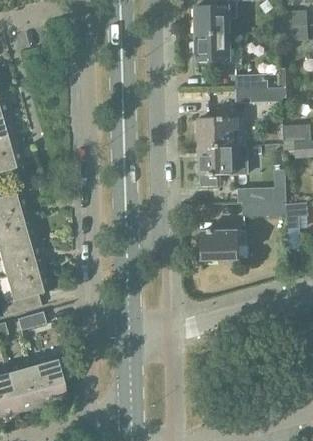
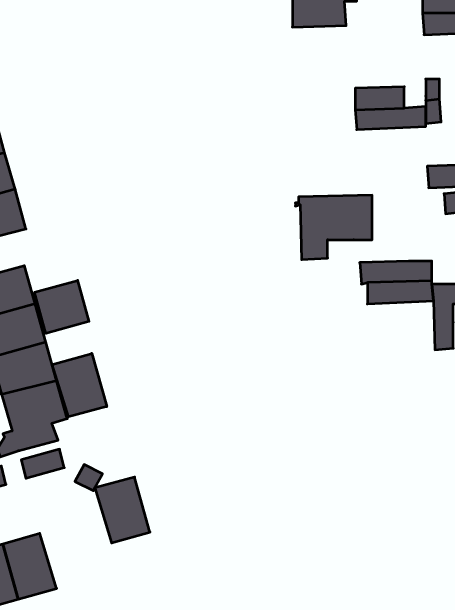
building: [194,34,238,67] -> none
building: [198,117,246,146] -> none
building: none -> [35,280,89,333]
building: [200,226,246,260] -> none
building: none -> [52,353,107,417]
building: [29,359,65,402] -> [95,477,150,543]

